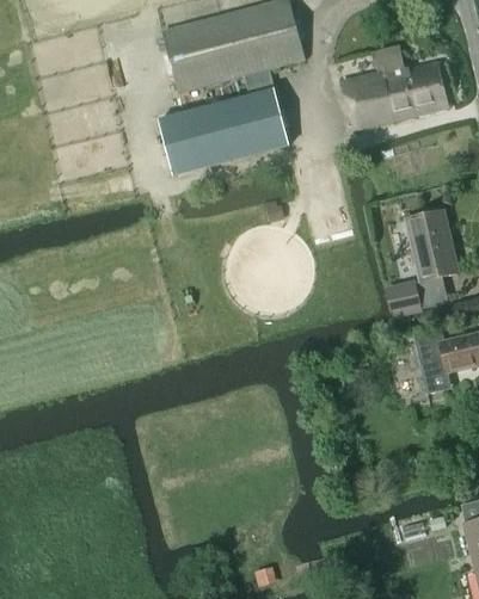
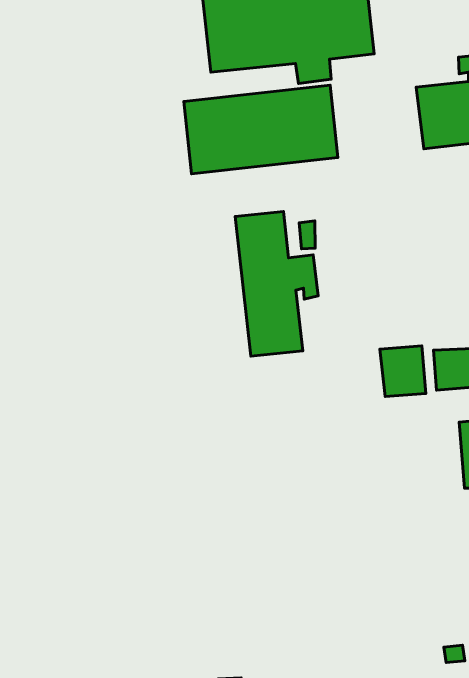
building: none -> [235,211,318,356]
building: none -> [380,346,426,396]

